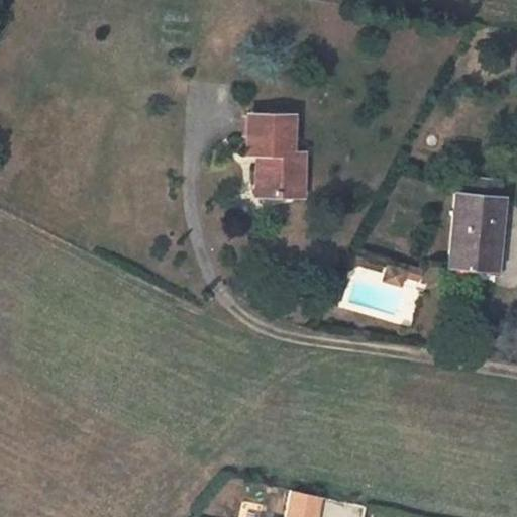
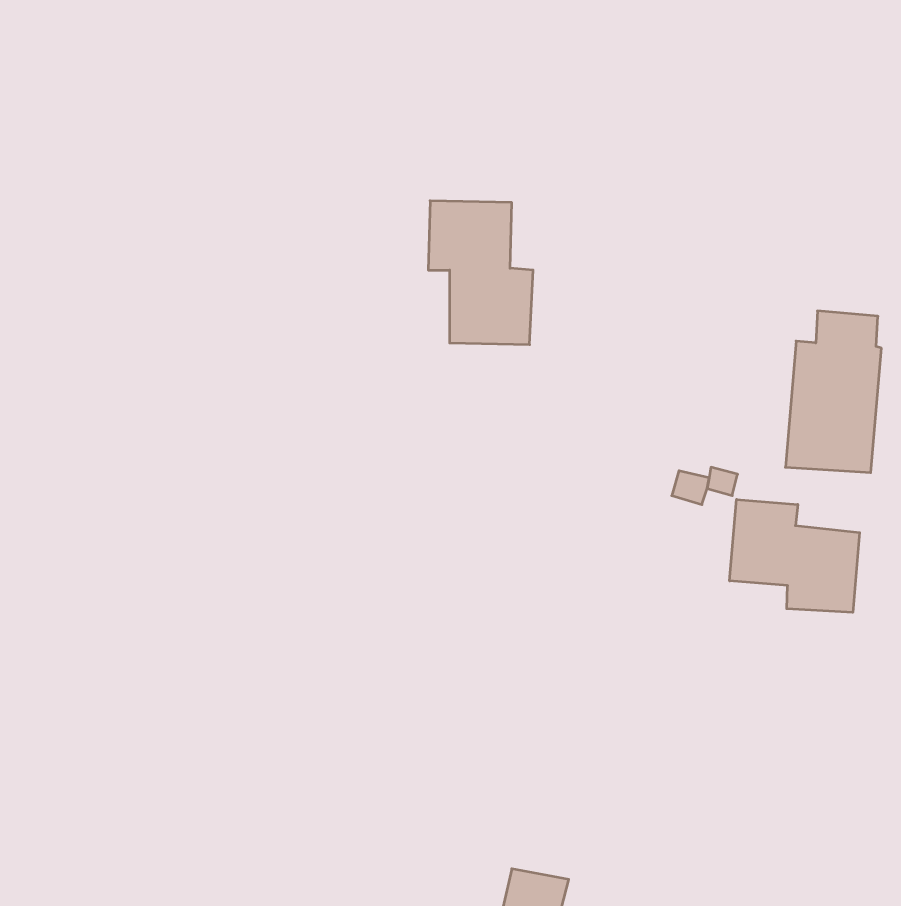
building: none -> [730,499,860,612]

